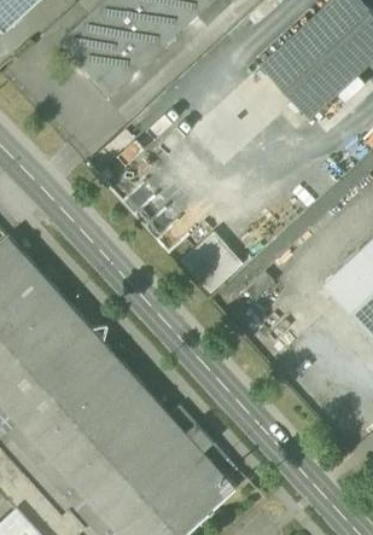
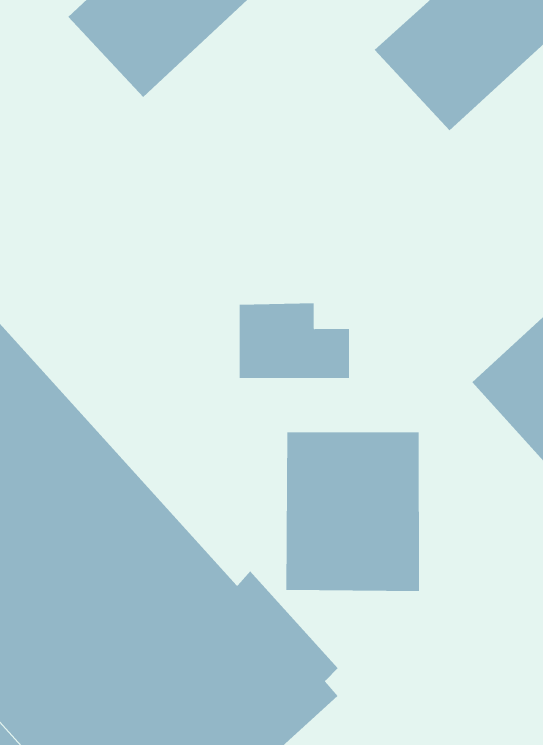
building: none -> [286,432,420,592]

